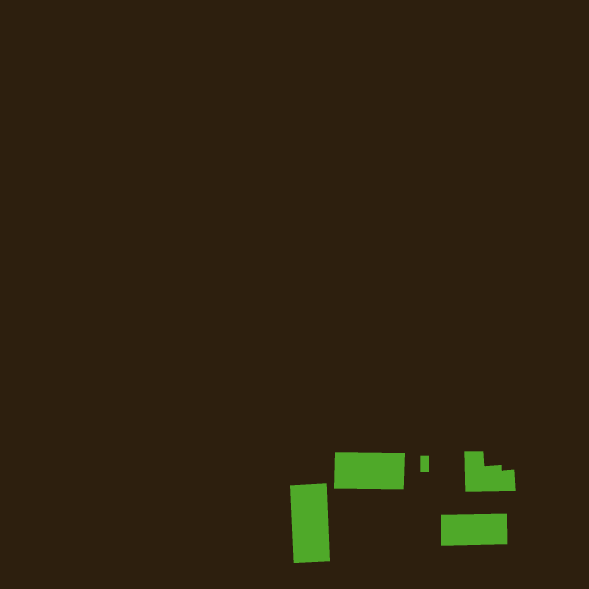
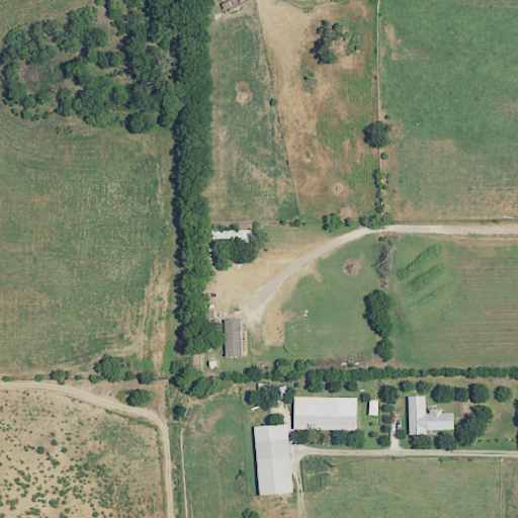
building: none -> [225,319,241,356]
building: [440,513,508,546] -> none

